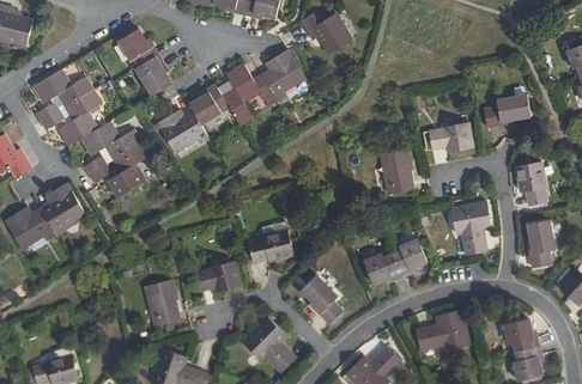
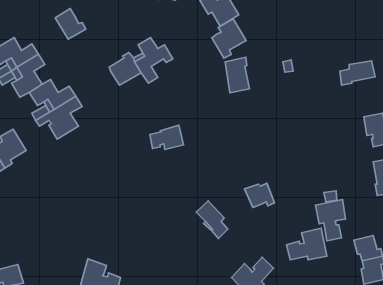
building: [260,51,304,102] -> [212,19,246,58]
building: [137,55,172,96] -> none
building: [148,110,208,154] -> none
building: [430,123,472,152] -> none
building: [382,148,413,194] -> [225,57,249,93]
building: [451,202,490,255] -> [316,200,345,241]
building: [249,230,292,261] -> [150,125,183,150]
building: [392,238,428,278] -> none
building: [195,262,241,293] -> none
building: [146,280,178,325] -> none
building: [242,317,296,371] -> none

